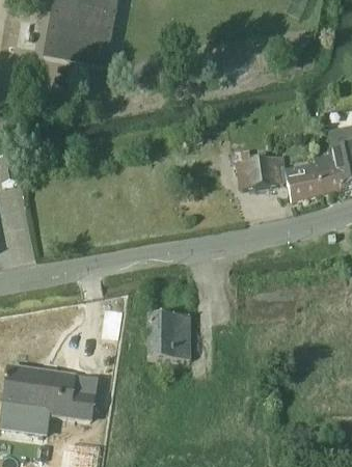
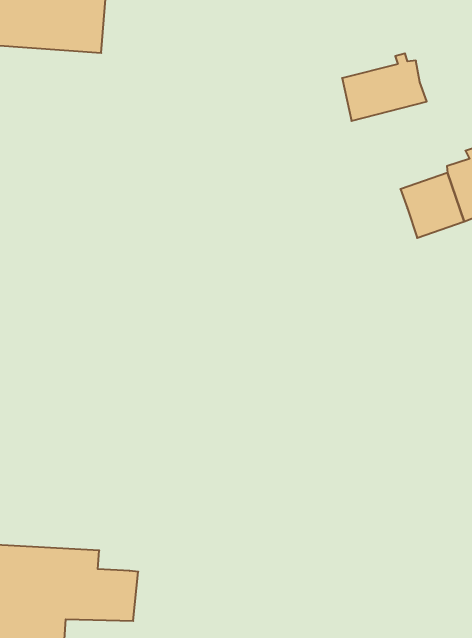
building: [237,148,288,187] -> [342,53,427,121]
building: [148,312,190,356] -> none

